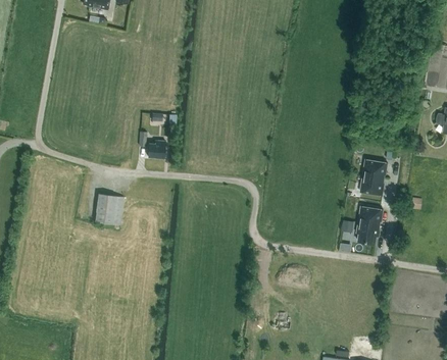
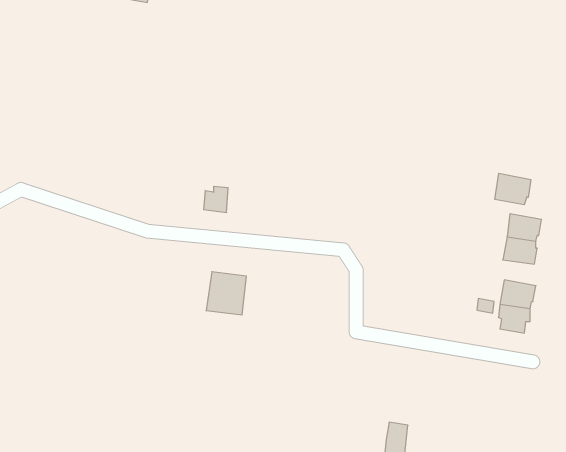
building: none -> [495,173,531,205]
building: [95,195,123,225] -> [206,272,246,315]

